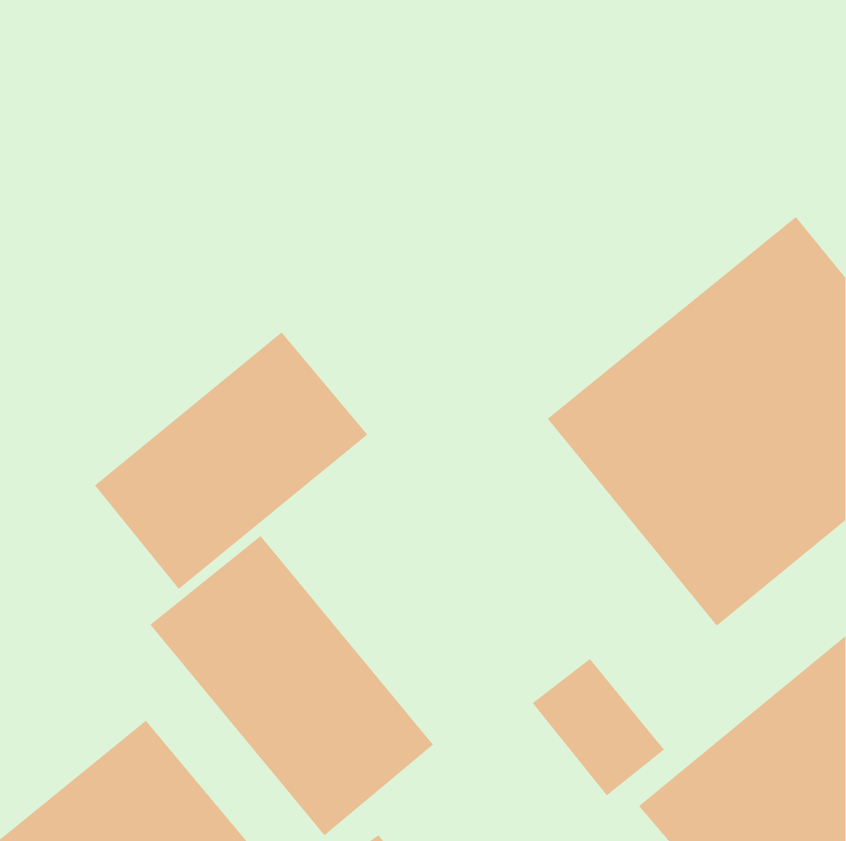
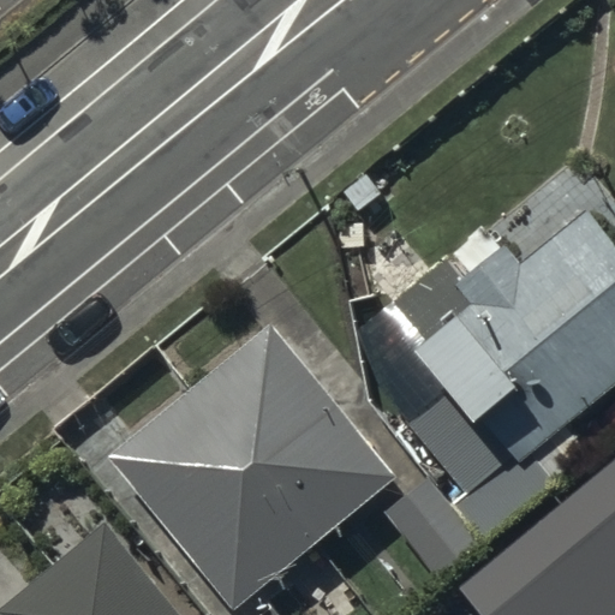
building: [94,332,368,590] -> none
building: none -> [189,324,396,544]

